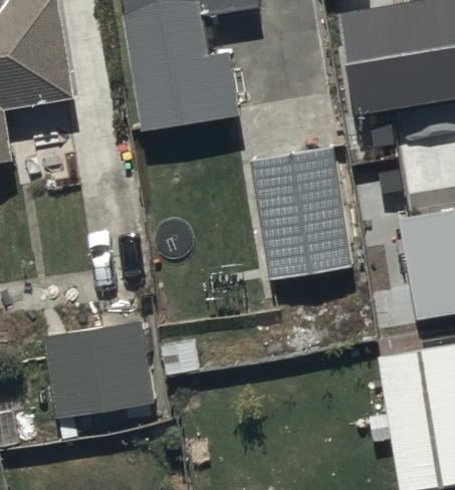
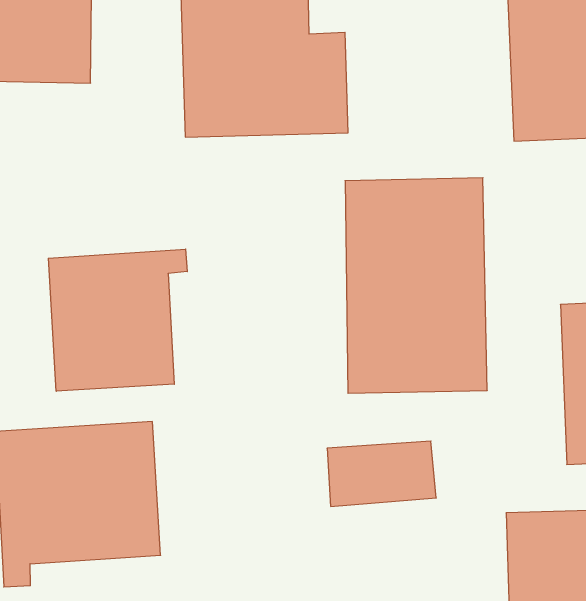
building: none -> [48,249,187,391]

